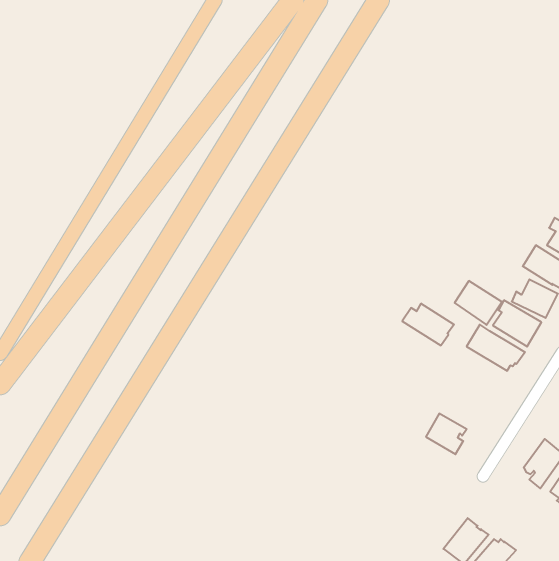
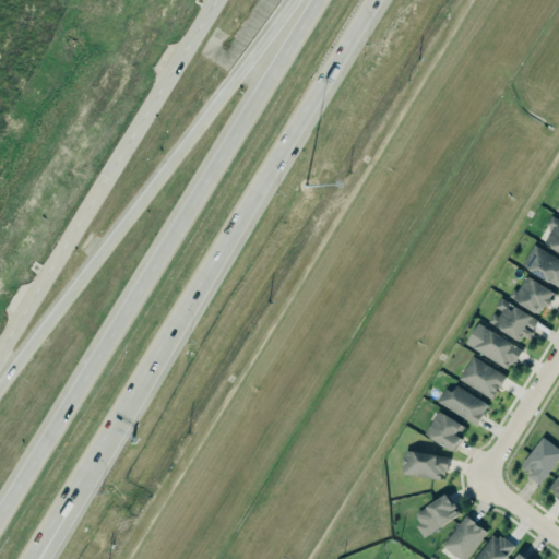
building: [455,281,502,325] -> [461,357,508,401]
building: [402,304,454,345] -> [438,384,489,426]
building: none -> [403,453,449,481]
building: none -> [416,496,462,539]

